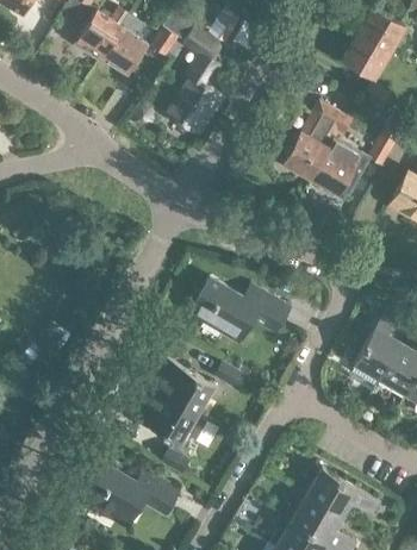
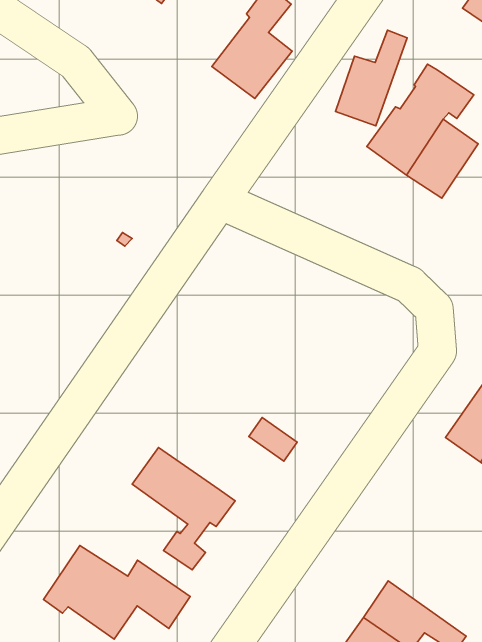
building: none -> [335,30,407,126]
building: [187,277,291,342] -> none
building: [151,358,219,414] -> none

